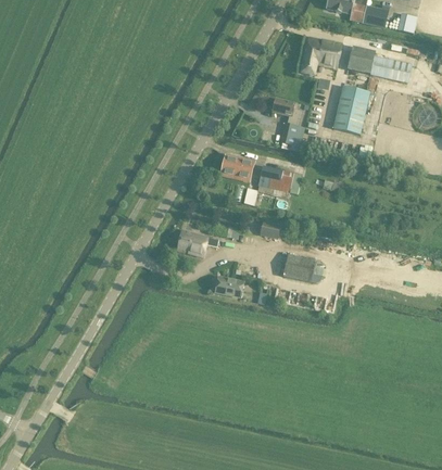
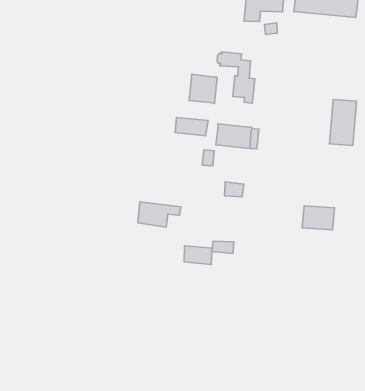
building: [336,86,366,131] -> [329,100,356,146]
building: none -> [189,74,217,104]
building: [282,255,315,281] -> [302,206,334,230]

